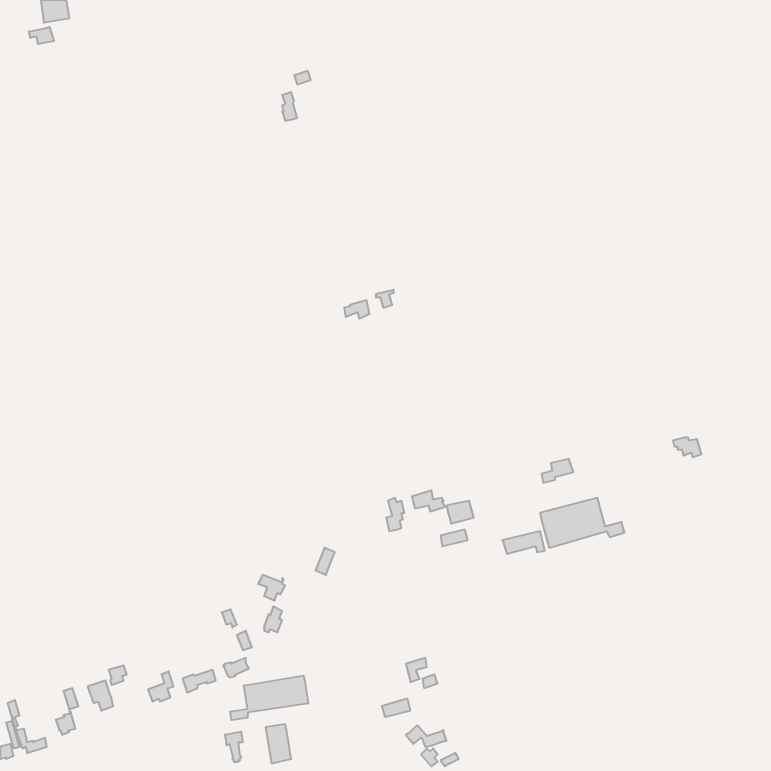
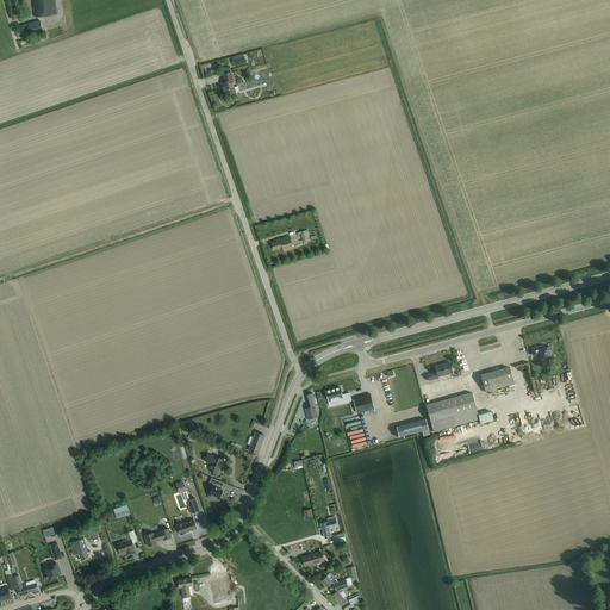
building: none -> [480,367,515,392]
building: [230,676,308,720] -> none

